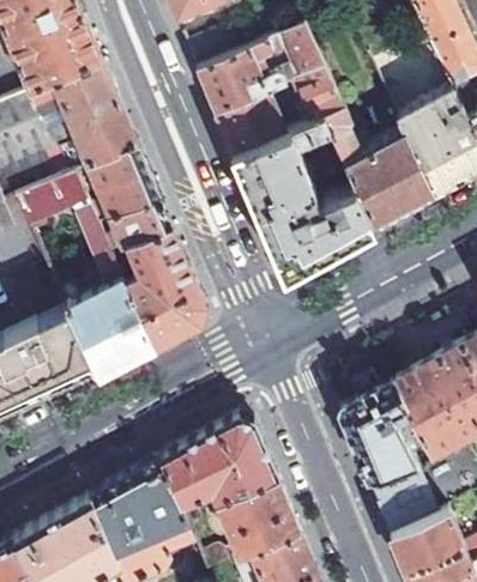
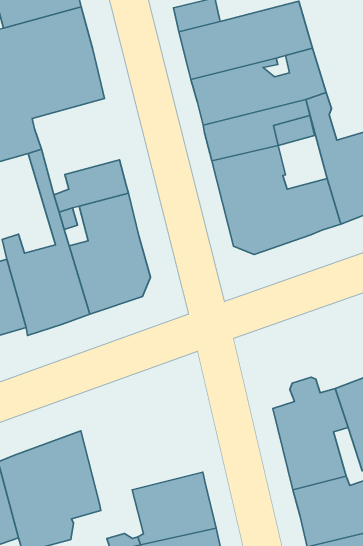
building: [72,146,159,223] -> none
building: [162,419,282,526] -> none

